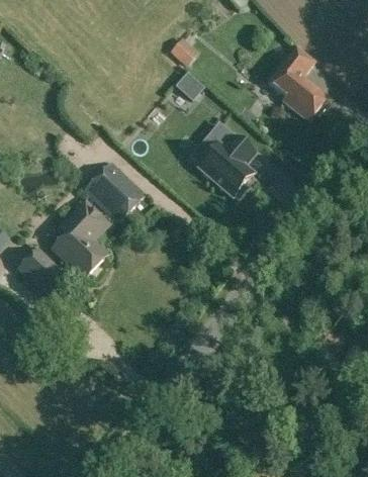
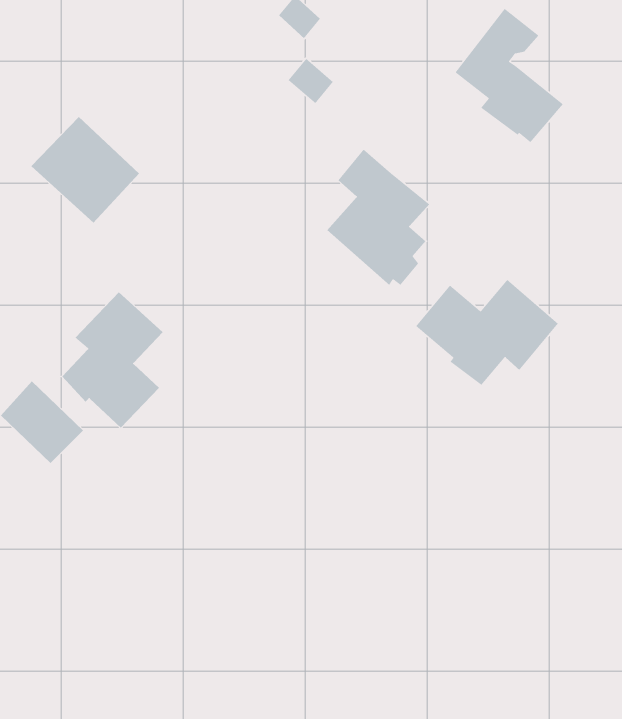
building: [85,162,145,220] -> [31,116,140,224]
building: none -> [415,279,559,386]

